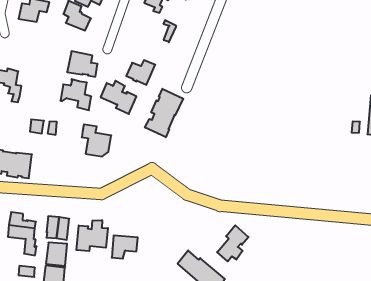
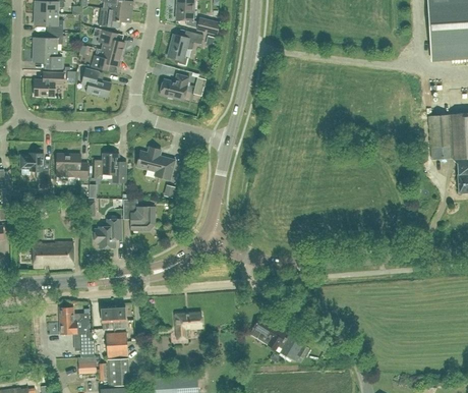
building: [67,51,98,77] -> [56,153,87,176]
building: [126,60,155,85] -> [160,73,189,100]
building: [145,89,183,137] -> none
building: none -> [95,218,121,247]
building: [76,220,108,251] -> none
building: [217,225,249,261] -> none

